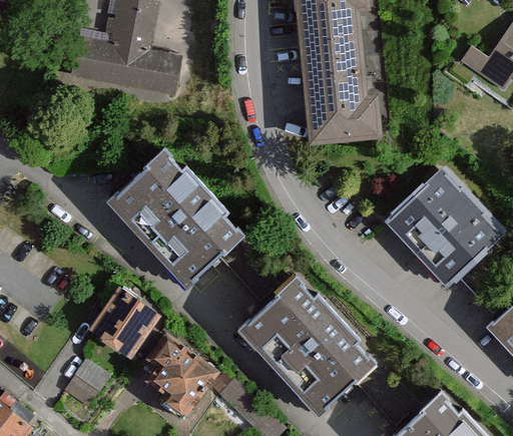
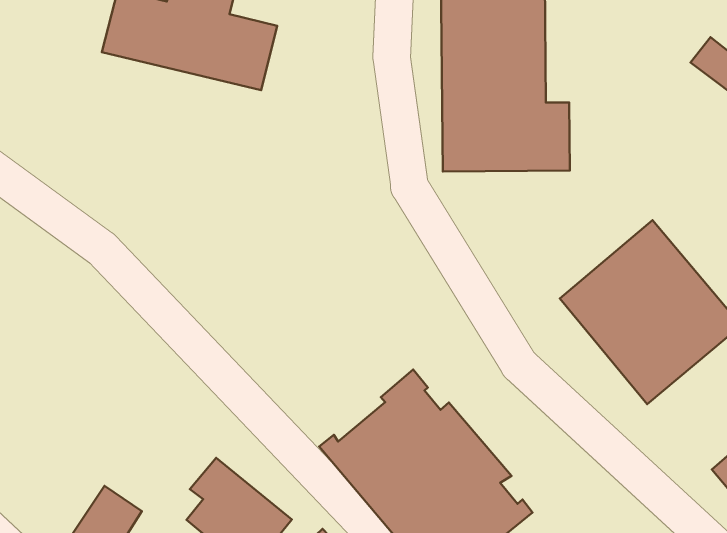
building: [103,147,243,287] -> none
building: [89,286,161,358] -> none

